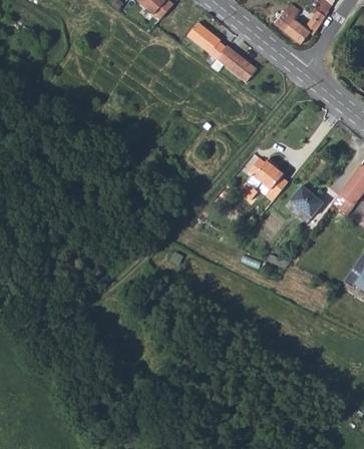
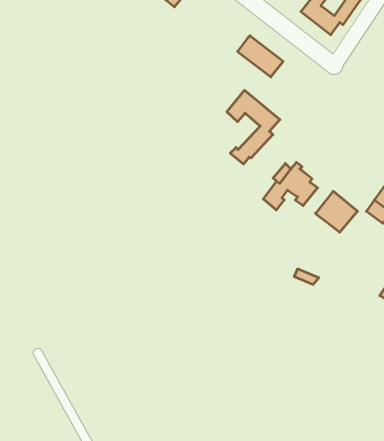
building: [187,22,226,60] -> none
building: none -> [227,90,280,164]

